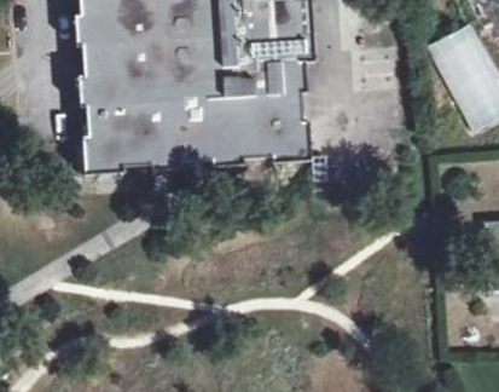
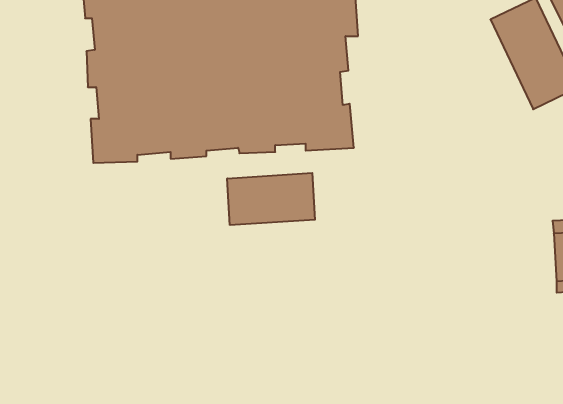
building: none -> [227,173,315,225]

